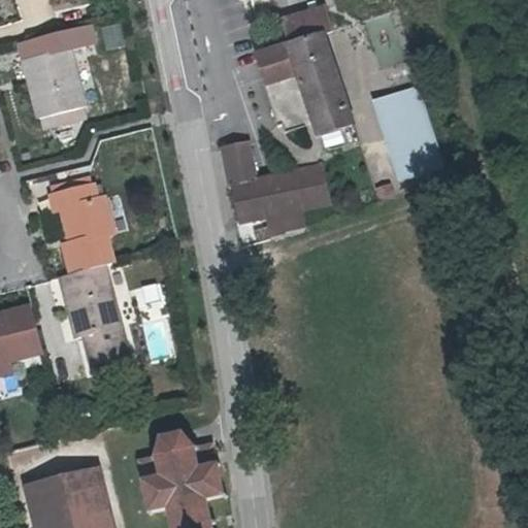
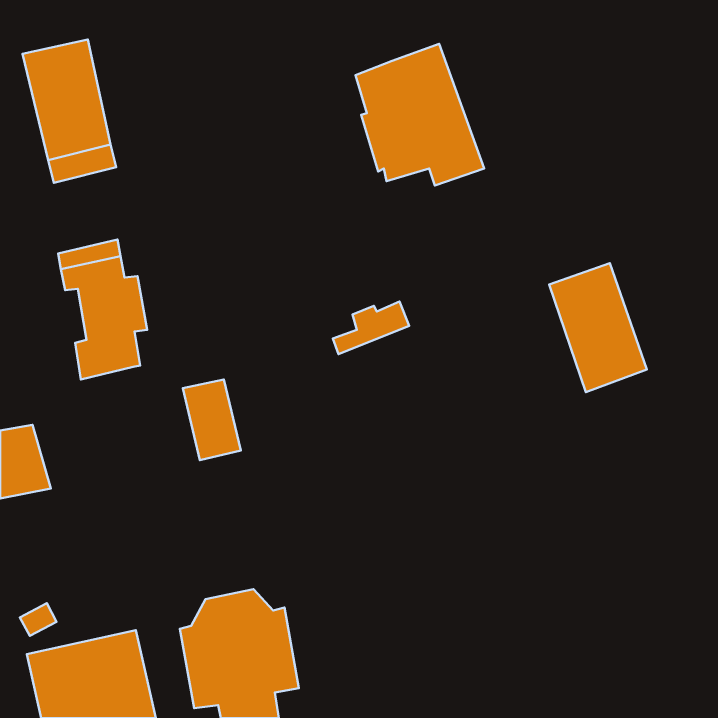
building: [282,5,330,44] -> none
building: [377,81,449,175] -> [549,263,647,392]
building: [221,152,327,224] -> none
building: [58,267,122,372] -> none

